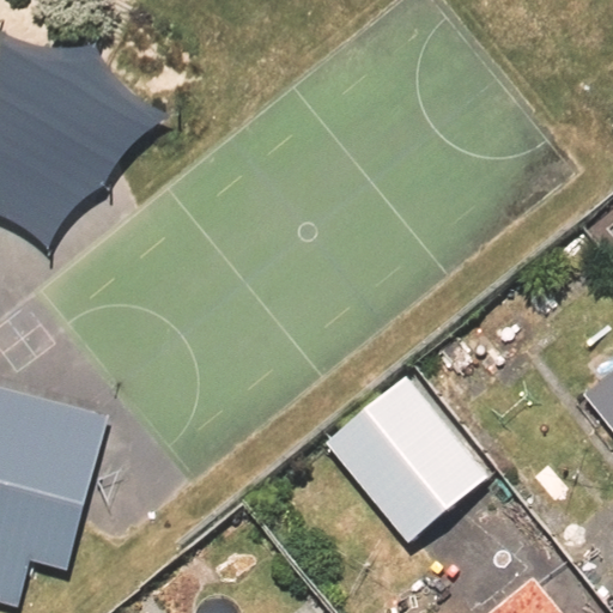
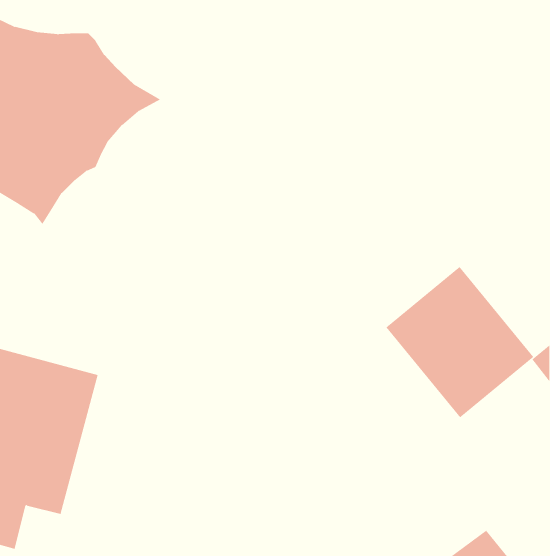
building: [323,380,486,546] -> [385,266,534,418]

